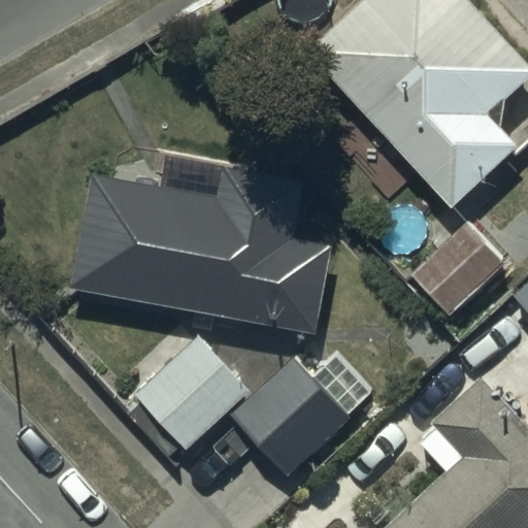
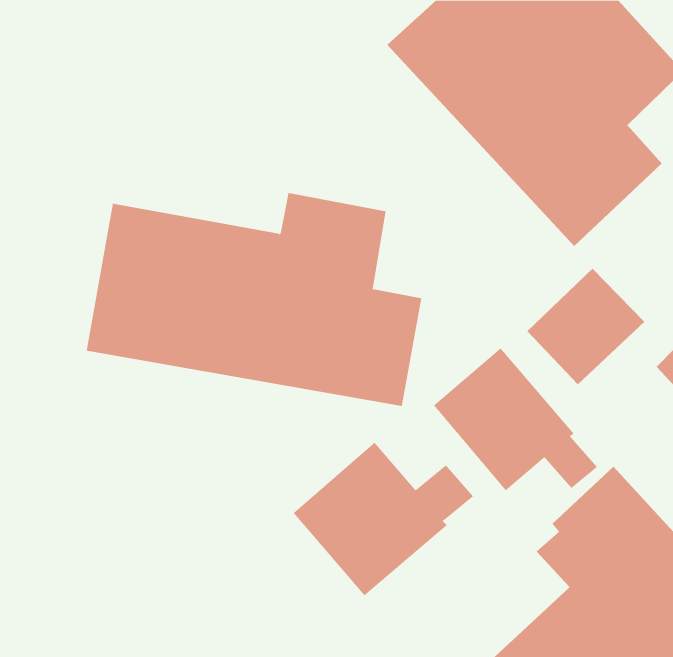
building: none -> [433,348,598,491]
building: [135,338,249,452] -> none

